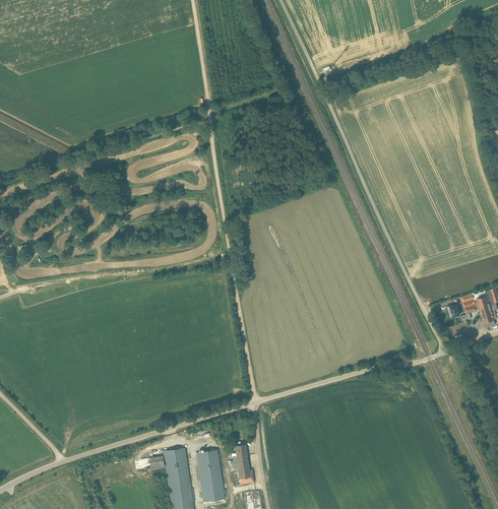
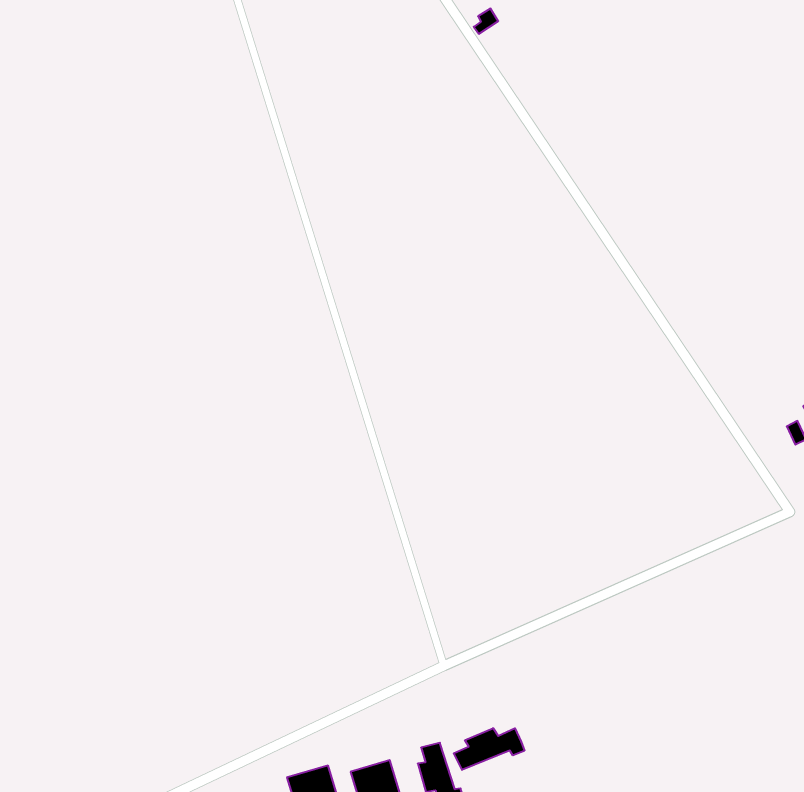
building: none -> [454,728,524,770]

